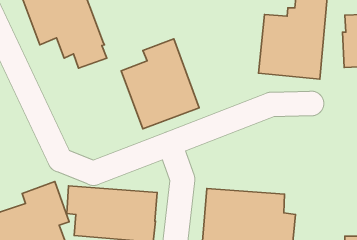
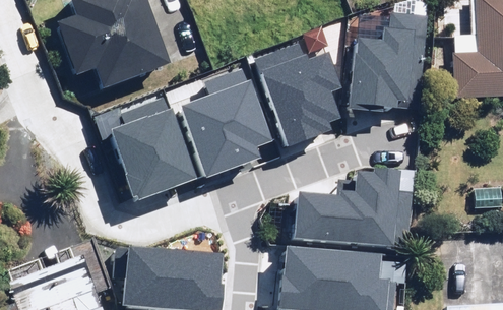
building: none -> [256,42,343,142]
building: none -> [111,105,196,196]
building: none -> [295,166,402,241]

